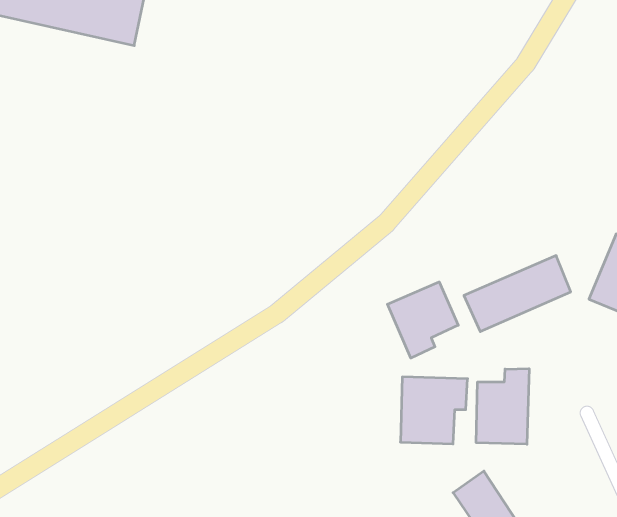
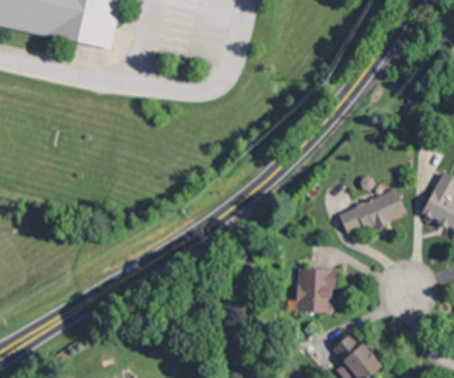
building: [387,282,458,358] -> none
building: [476,369,529,444] -> none

